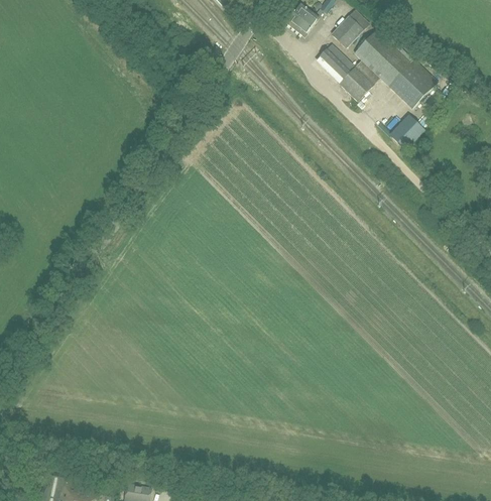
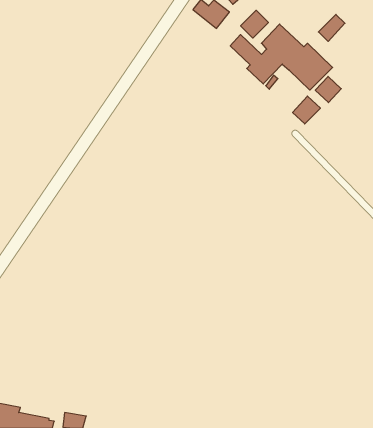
building: none -> [318,14,345,41]
building: none -> [315,76,341,103]

